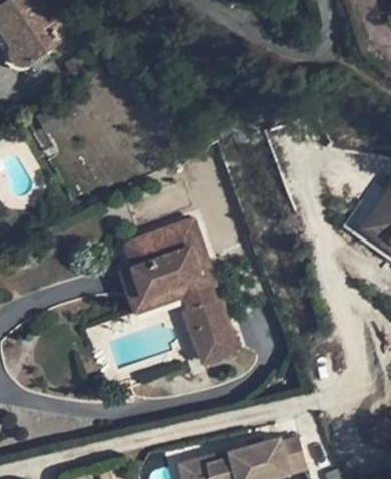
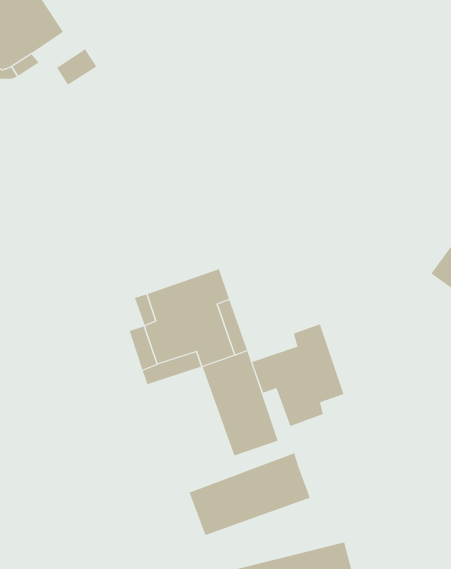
building: none -> [252,324,344,427]
building: none -> [189,453,311,536]

